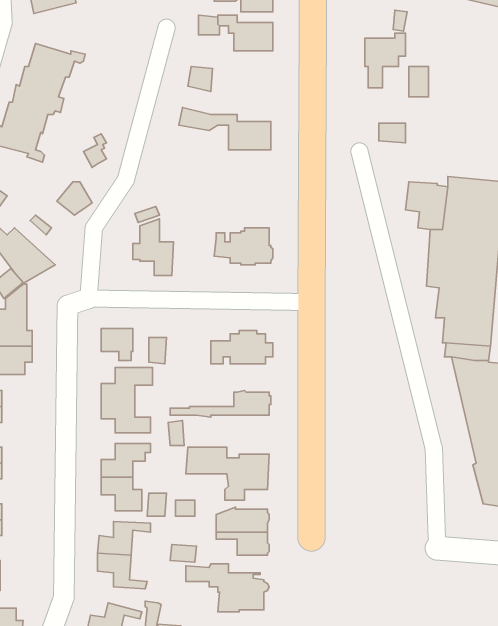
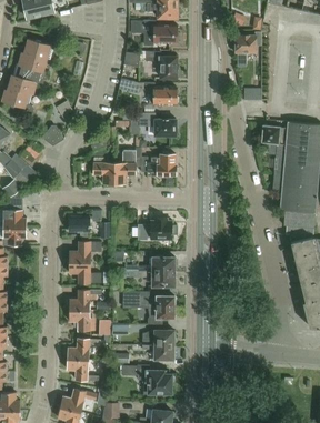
building: none -> [144,51,177,78]
building: none -> [139,112,176,135]
building: none -> [113,147,141,183]
building: none -> [129,271,176,286]

